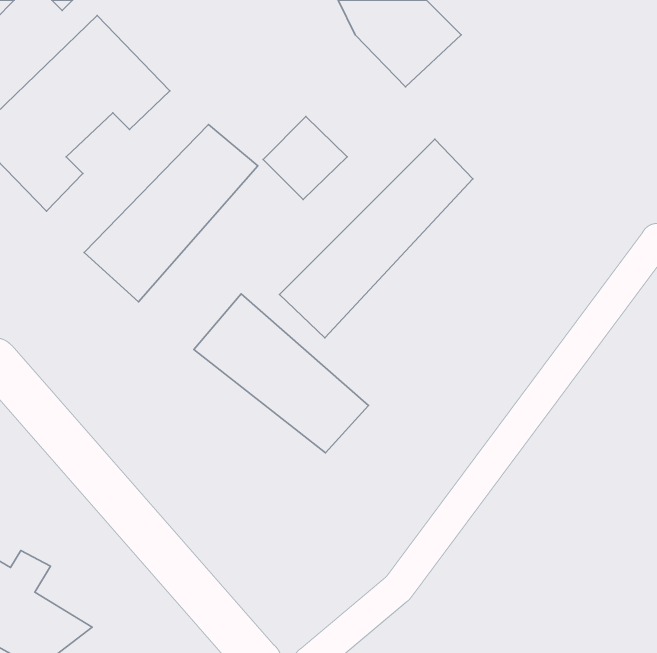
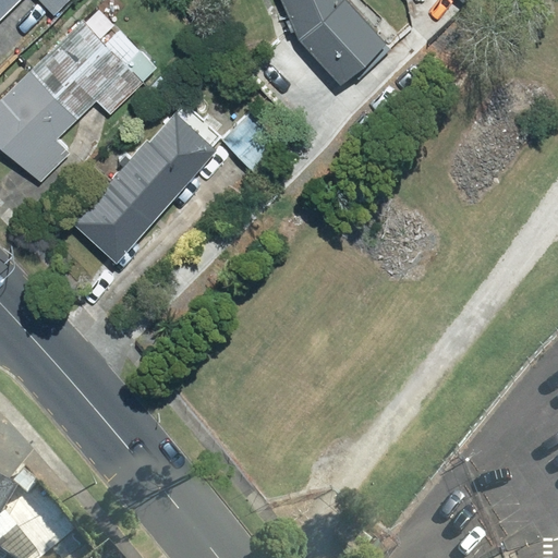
building: [279,139,473,338] -> none
building: [194,294,368,453] -> none

